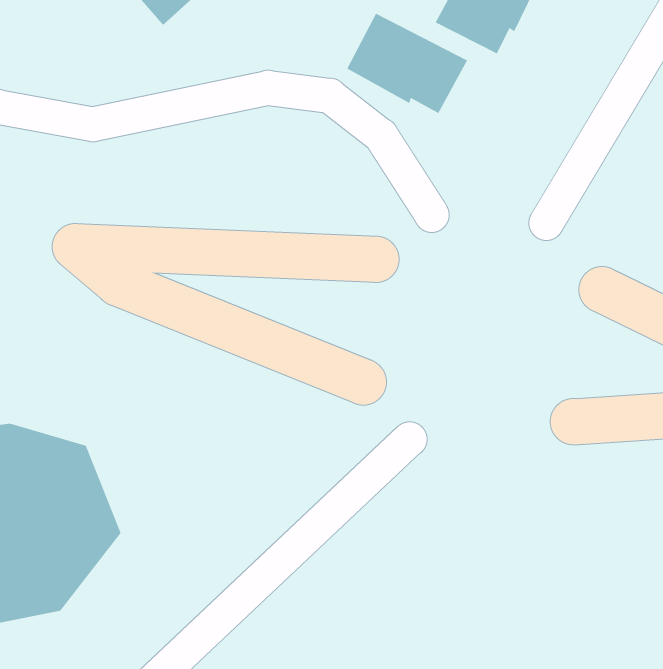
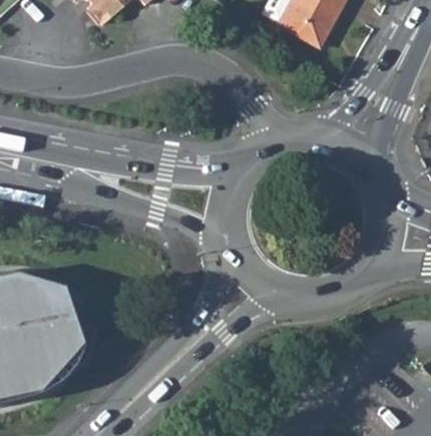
building: [346,13,468,114] -> none

